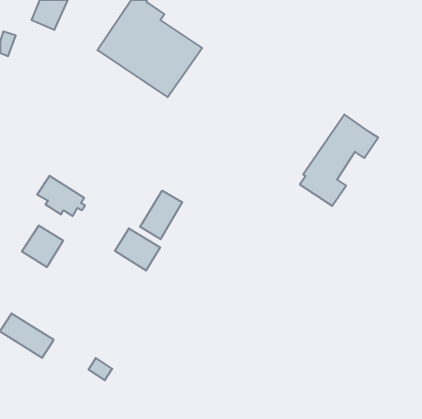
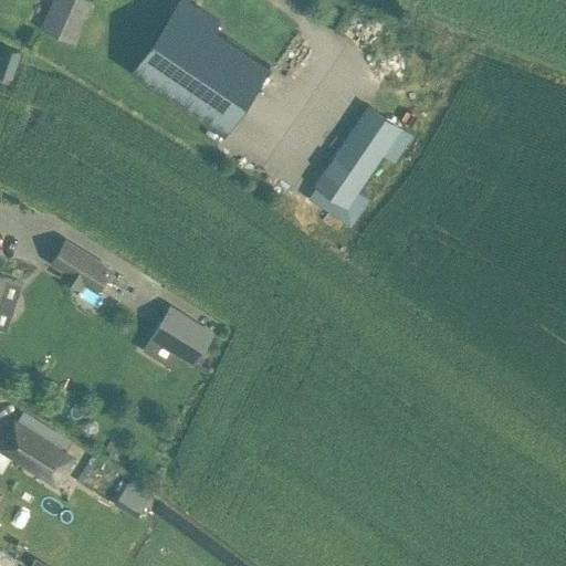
building: [300,114,378,206] -> [308,105,413,228]
building: [140,191,182,239] -> none
building: [22,225,63,267] -> none

